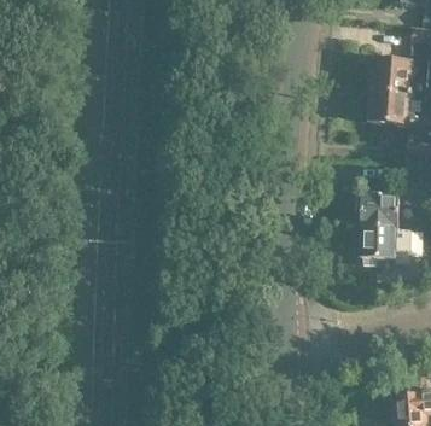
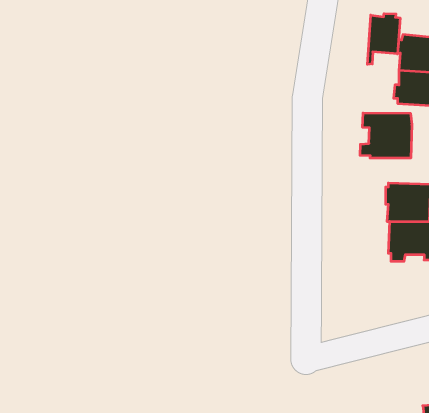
building: none -> [367,14,400,64]
building: none -> [360,113,412,158]

